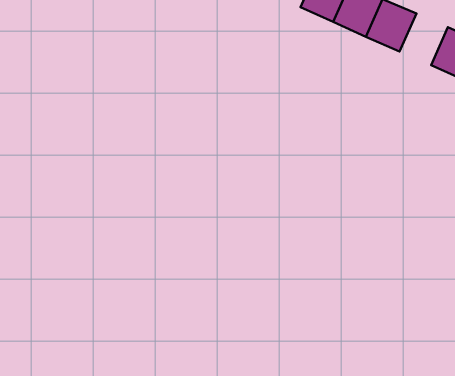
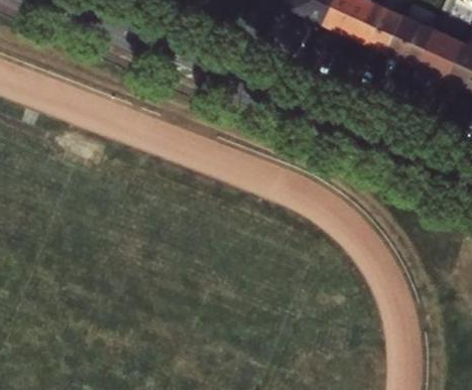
building: none -> [386,16,433,66]

